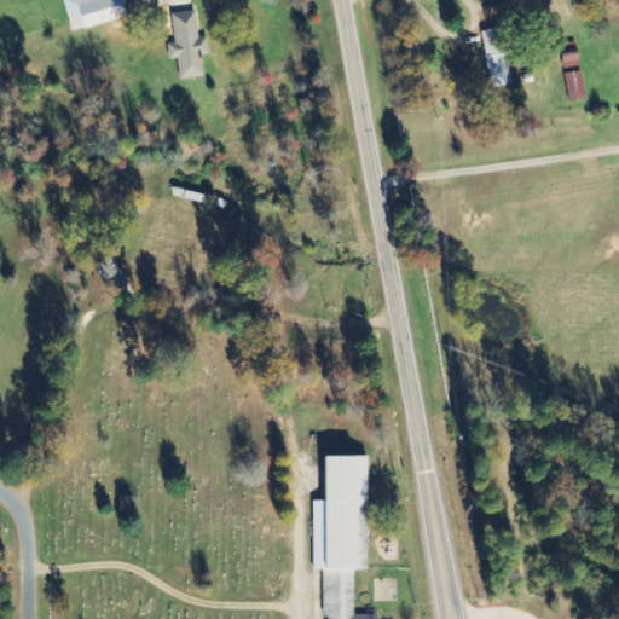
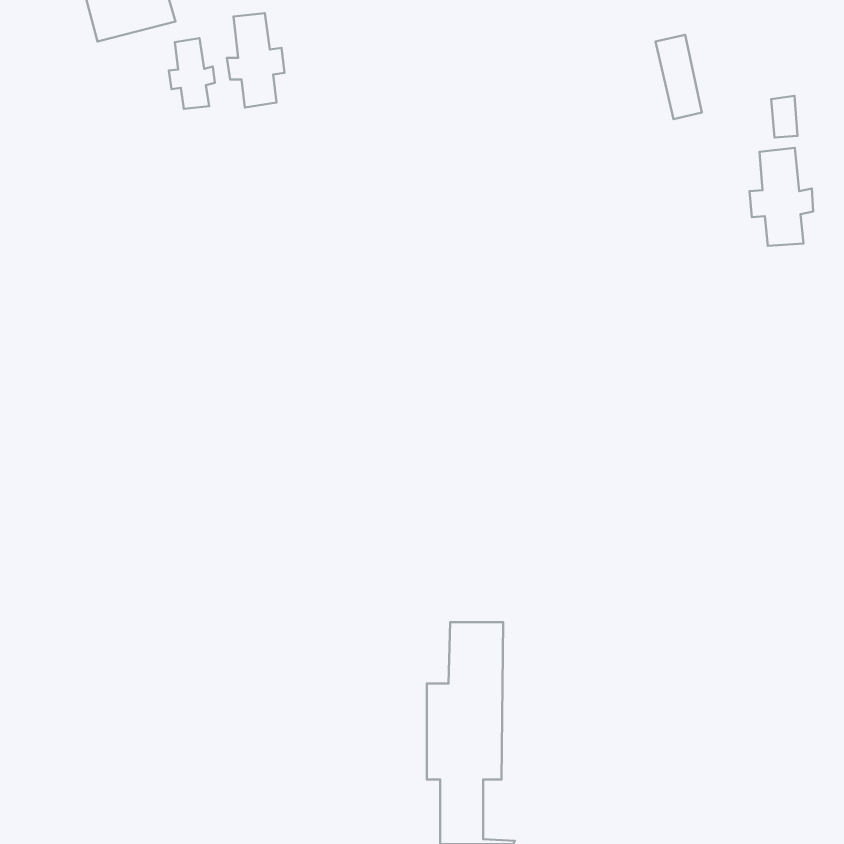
building: none -> [169,38,215,109]
building: none -> [750,148,813,246]

